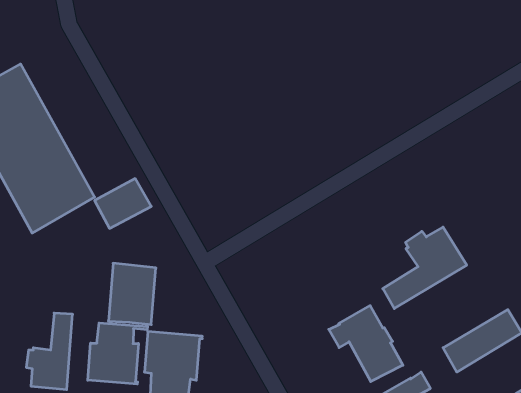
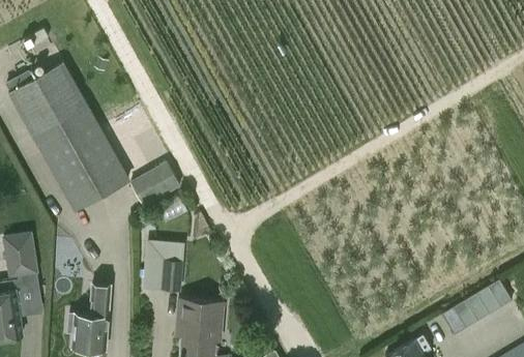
building: [383,227,467,309] -> none
building: [329,306,403,382] -> none
building: [88,323,148,384] -> none

